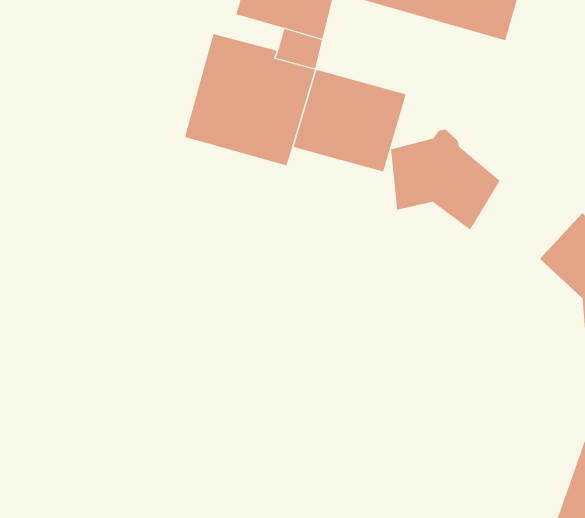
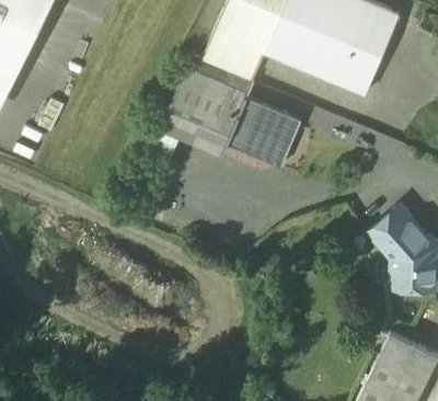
building: [391,129,500,230] -> none

